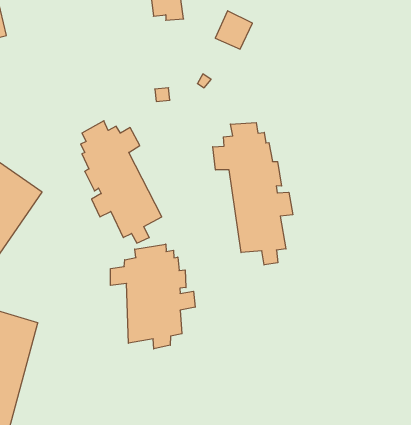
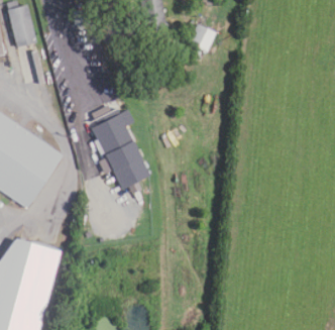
building: [213,123,293,265] -> none
building: [111,244,195,349] -> none

